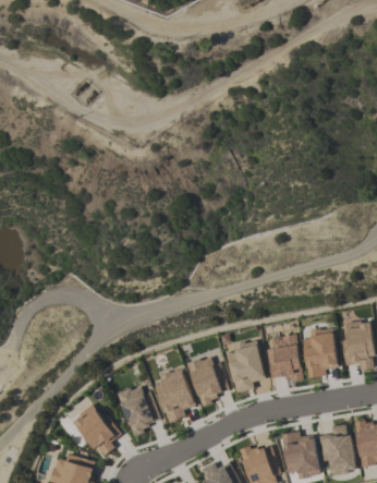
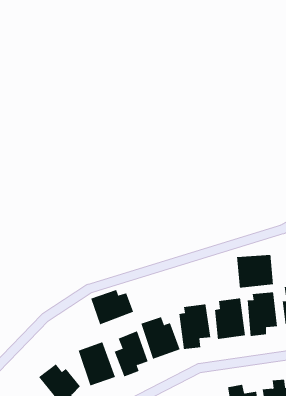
building: none -> [236,254,273,289]
building: none -> [90,289,134,325]

